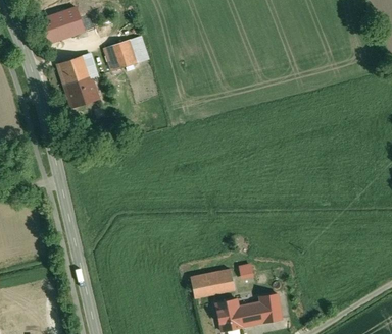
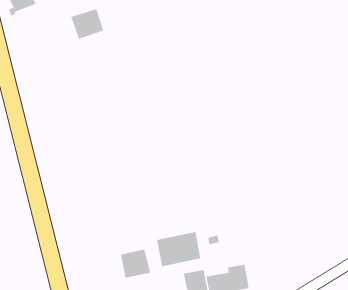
building: [58,55,99,108] -> none
building: none -> [120,249,151,279]

